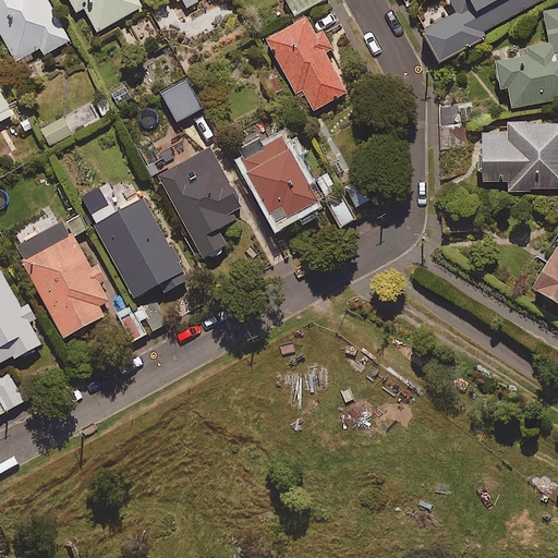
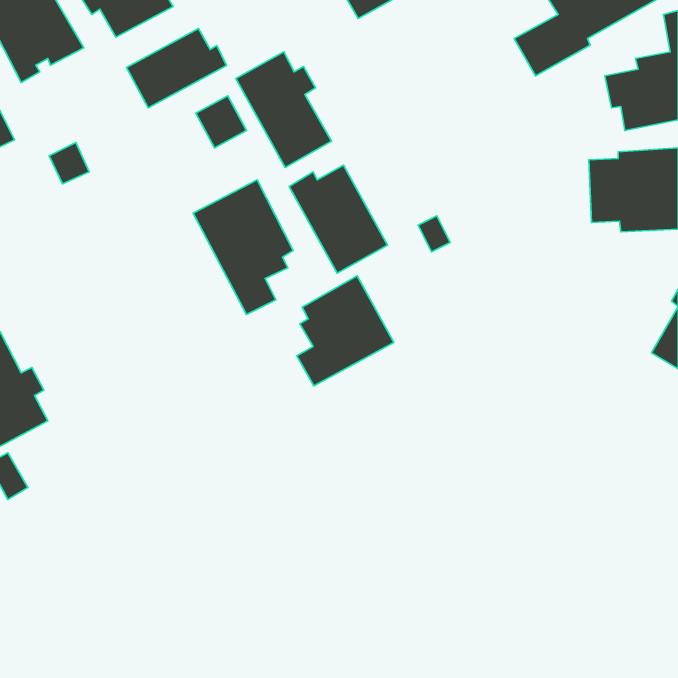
building: [267,17,345,112] -> [236,52,332,168]
building: none -> [126,28,227,108]
building: [75,183,186,298] -> none
building: [15,214,106,338] -> none
building: none -> [297,276,394,386]

